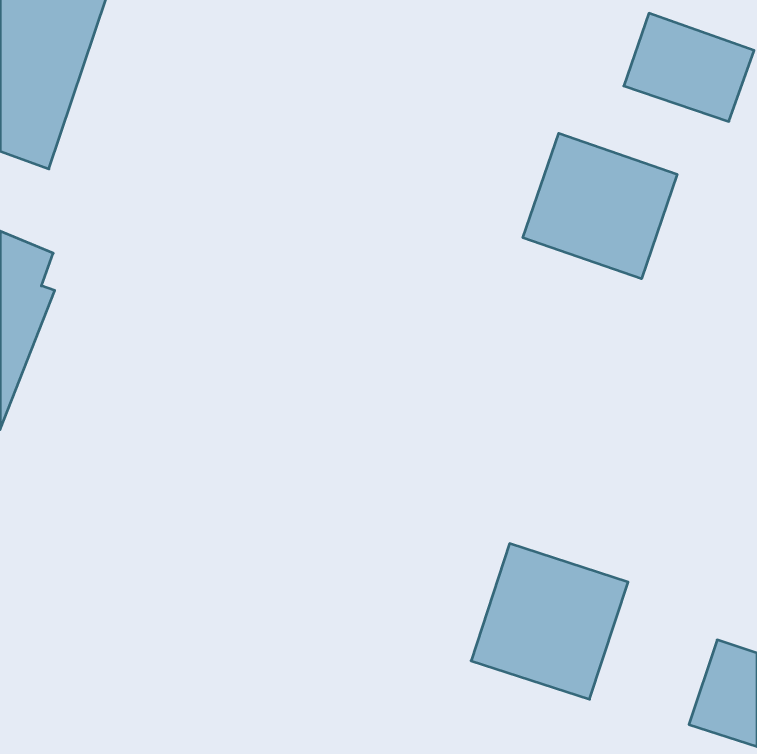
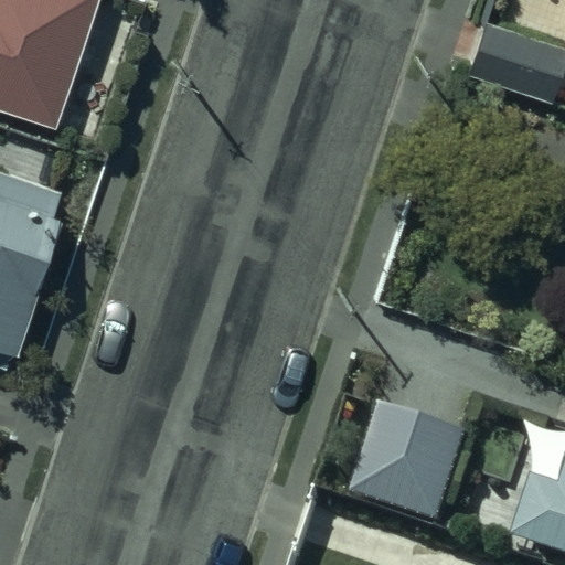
building: [523,133,677,279] -> none

